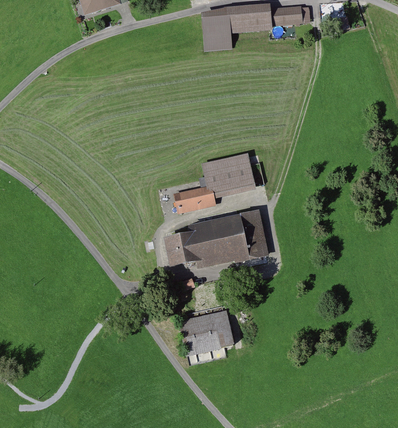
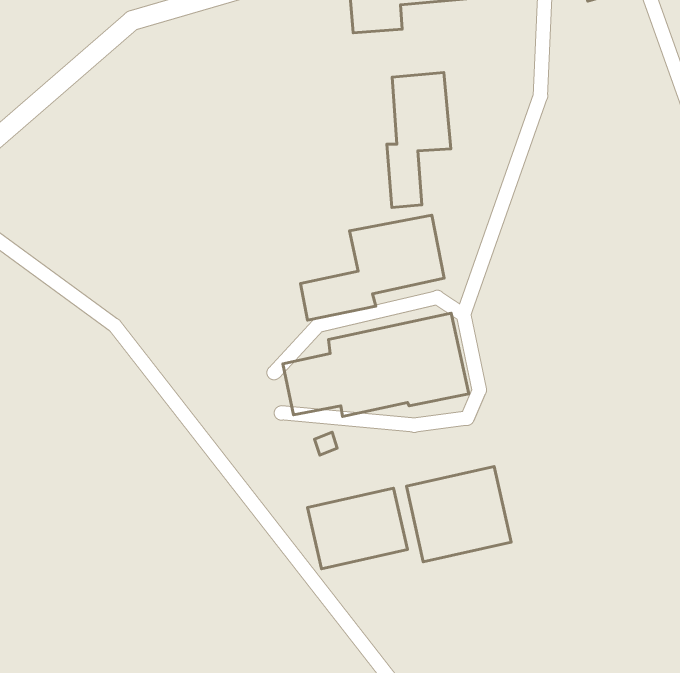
building: none -> [387,73,451,208]
building: none -> [406,466,511,562]

